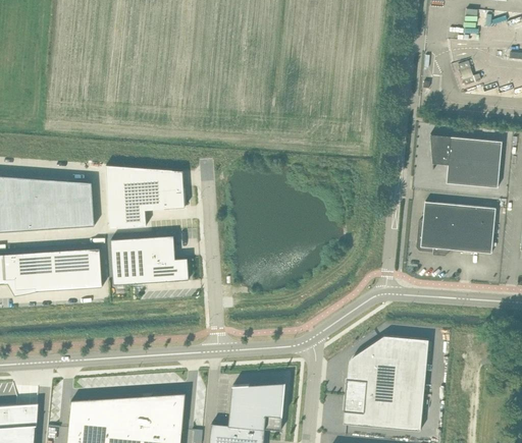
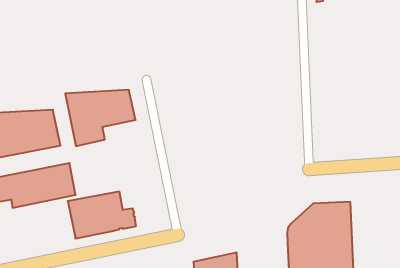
building: [429,134,502,188] -> none
building: [415,202,495,254] -> none
building: [110,236,188,285] -> [68,192,136,239]

